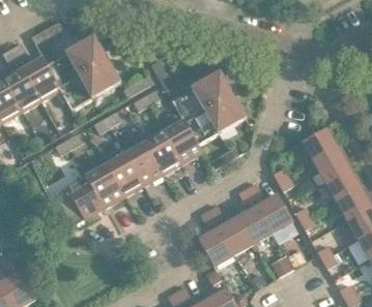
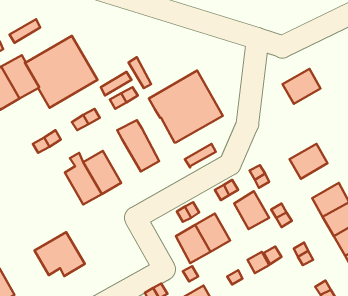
building: [164,112,202,163] -> none
building: [302,126,340,161] -> [283,69,321,104]
building: [124,142,163,185] -> none
building: [324,165,363,201] -> none
building: [54,175,105,219] -> [34,232,85,276]
building: [237,206,271,243] -> none

